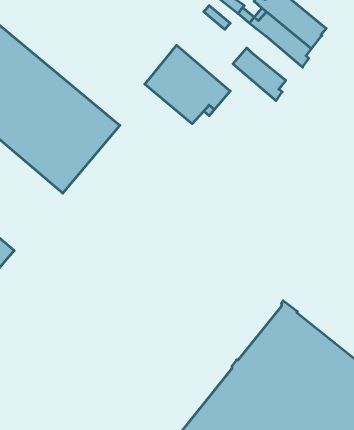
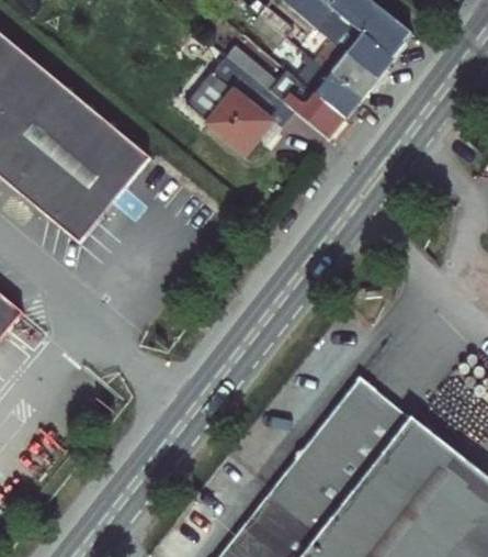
building: none -> [224,47,348,144]
building: none -> [318,47,381,102]

